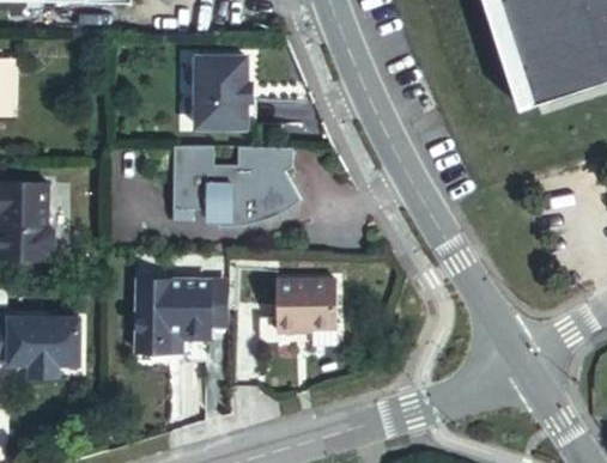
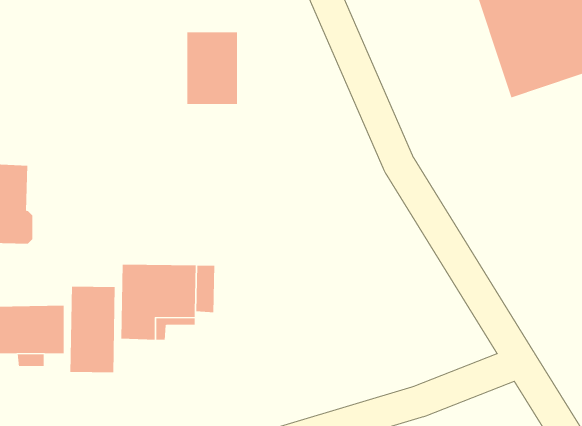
building: [174,144,303,224] -> none
building: [275,276,336,329] -> none
building: none -> [70,286,115,373]

